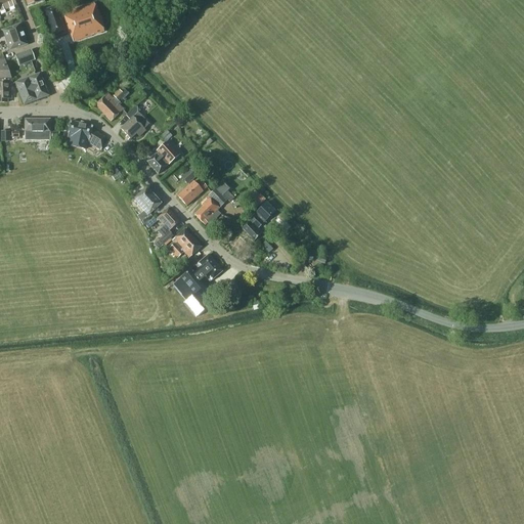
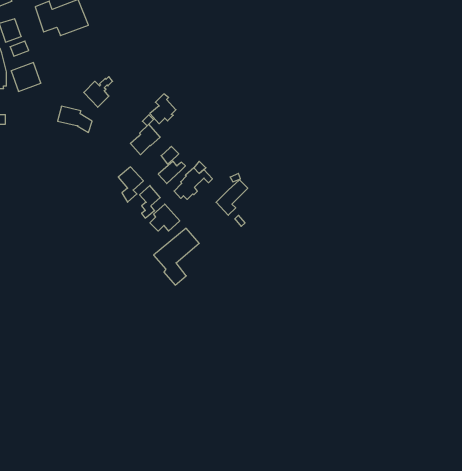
building: [121,105,149,138] -> [150,94,176,124]
building: [26,118,50,138] -> none

